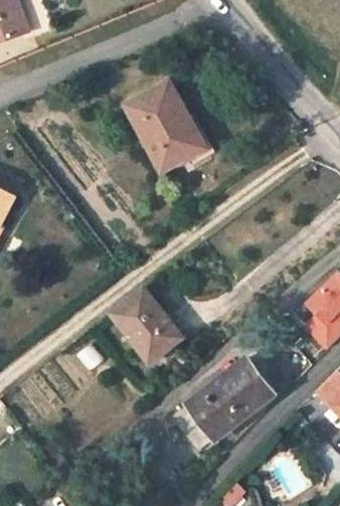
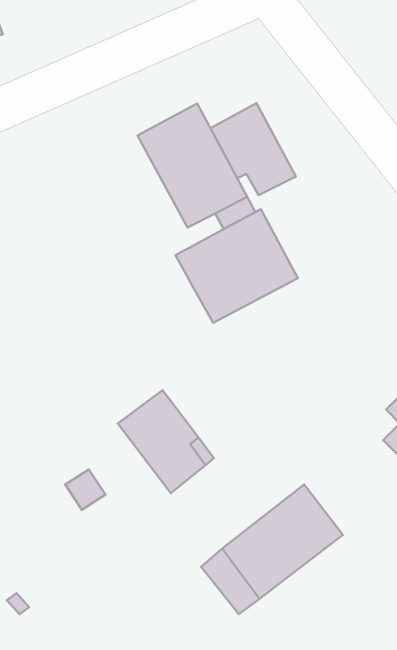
building: none -> [211,103,296,195]
building: none -> [176,209,298,323]

